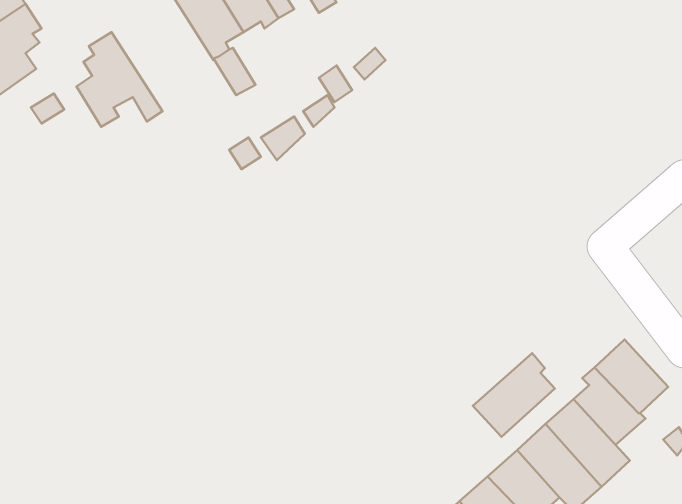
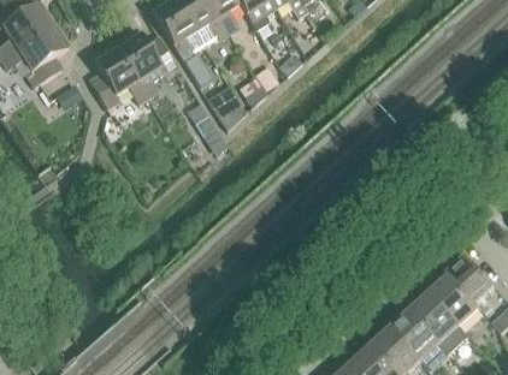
building: none -> [113,31,176,96]
building: [473,353,555,437] -> none

